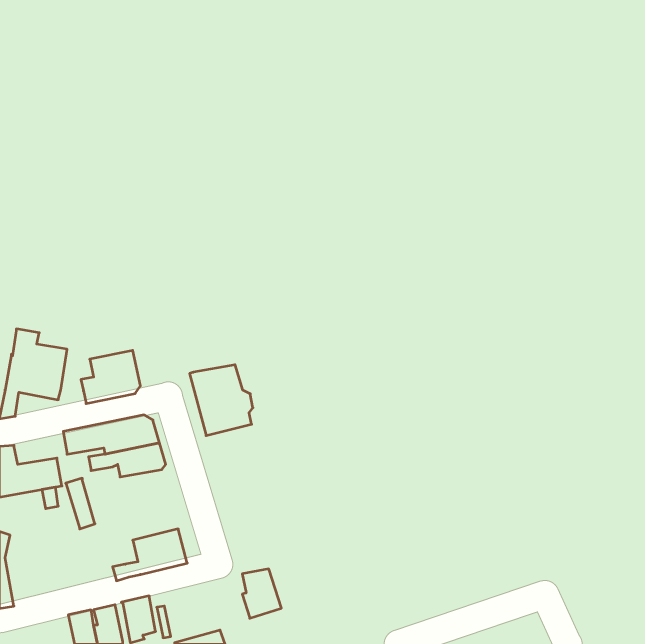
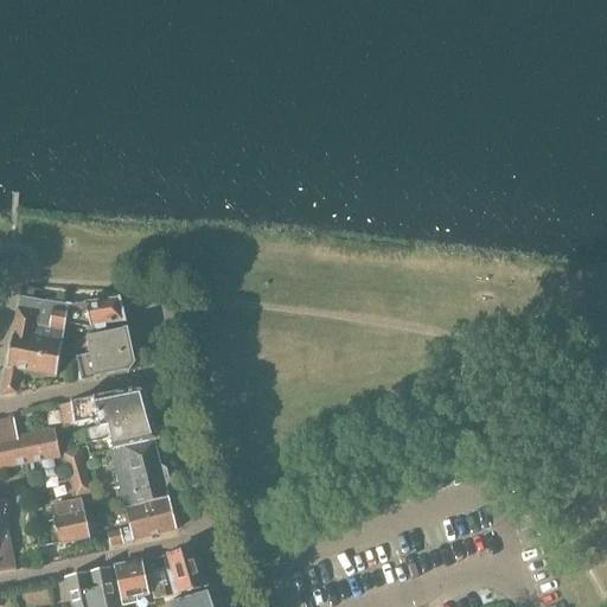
building: none -> [15,295,123,330]
building: [190,365,253,436] -> [109,440,168,506]
building: none -> [50,499,89,543]
building: [242,569,281,618] -> [167,548,204,594]

